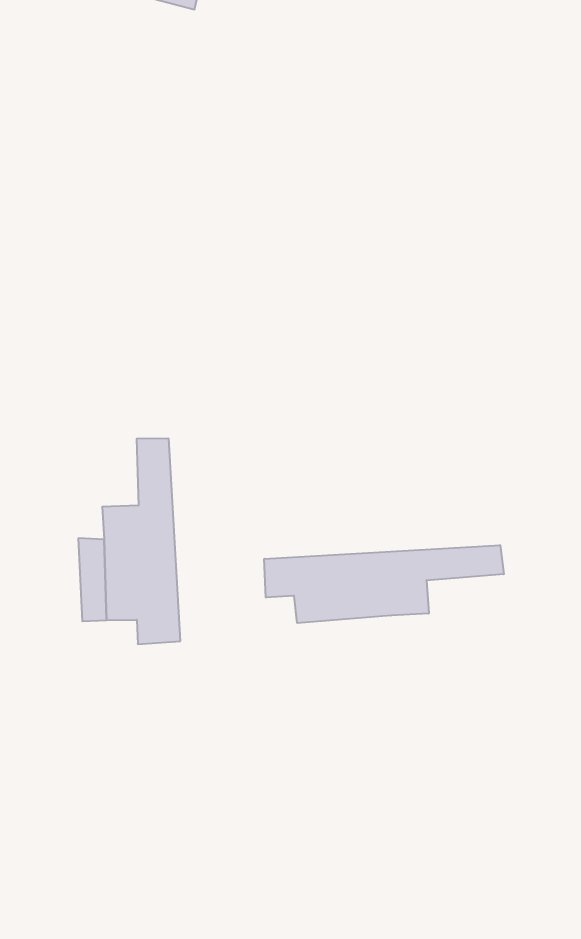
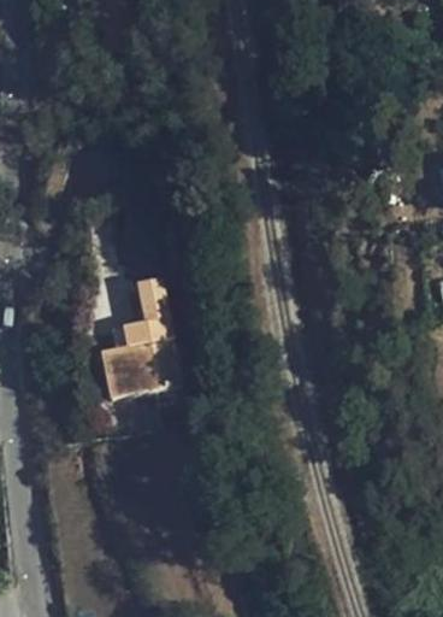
building: [264,545,504,623] -> none

